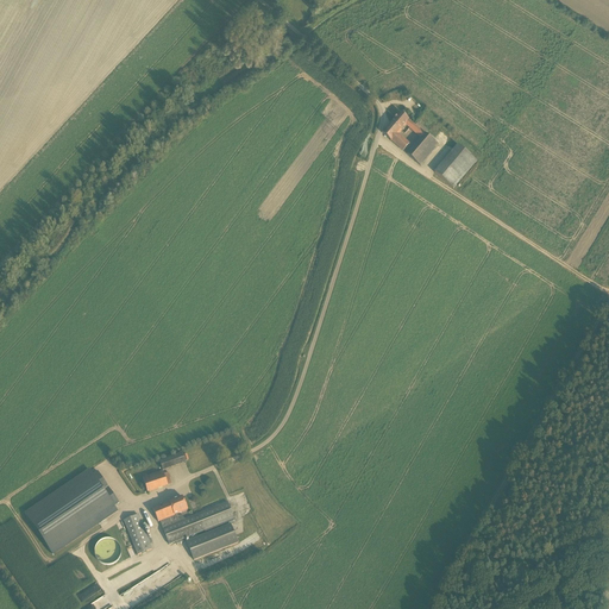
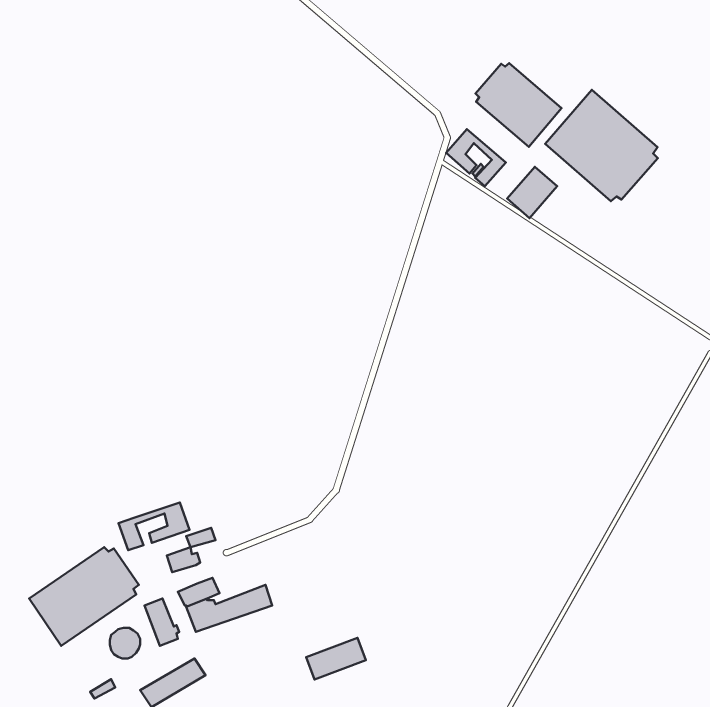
building: none -> [475,63,562,147]
building: none -> [545,90,658,201]
building: none -> [119,503,189,550]
building: [187,522,238,558] -> [306,638,366,680]

